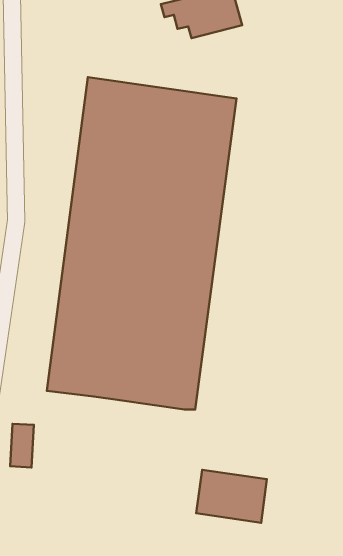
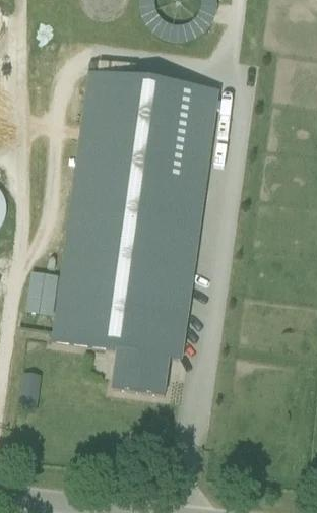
building: none -> [28,271,58,310]
building: [196,470,267,523] -> [110,347,171,393]

